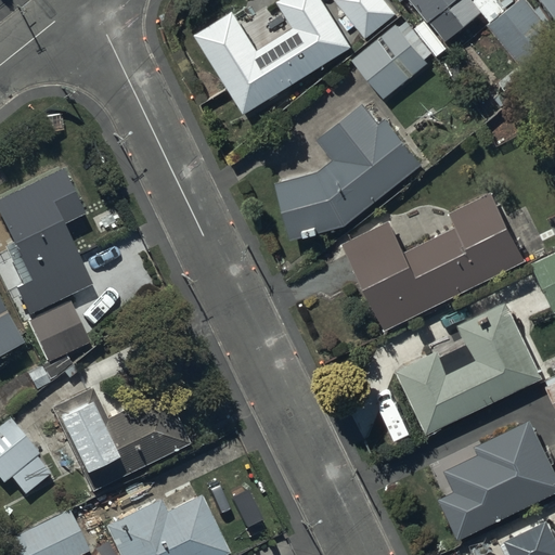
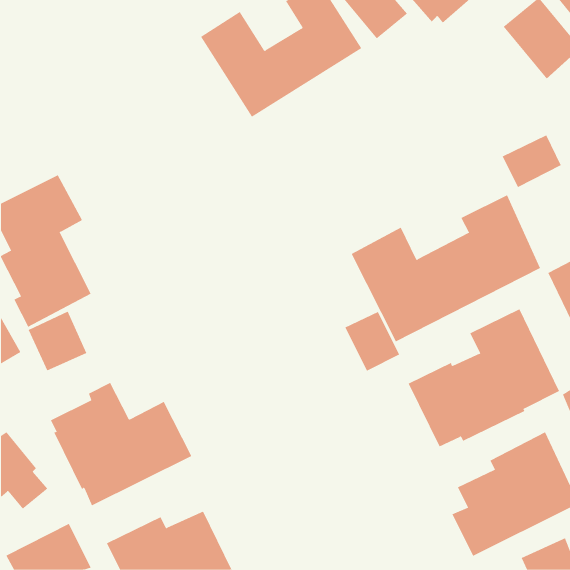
building: [353,21,433,99] -> none
building: [275,105,422,242] -> none
building: none -> [502,134,562,188]
building: none -> [344,311,400,372]

